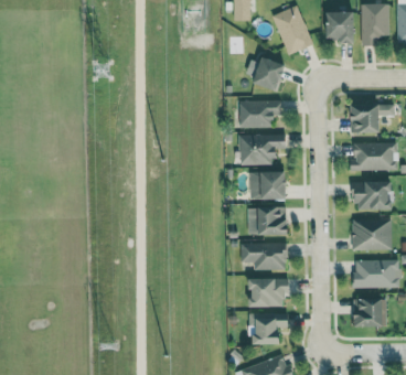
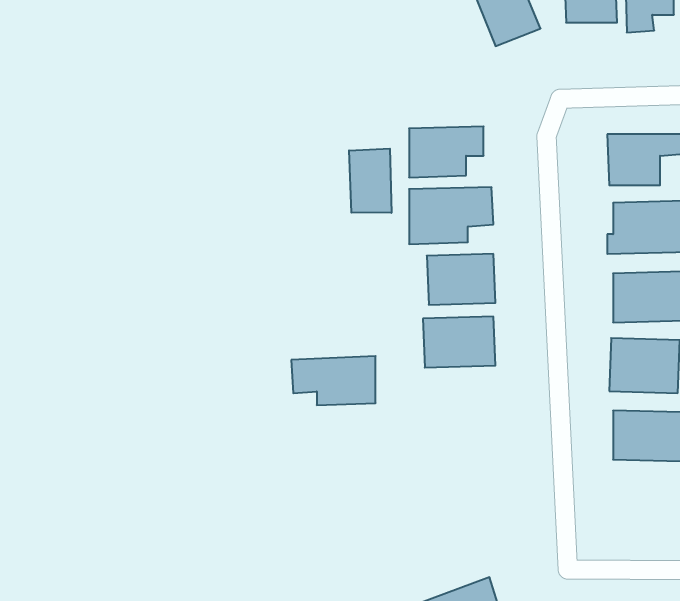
building: [254,57,287,92] -> none
building: none -> [349,149,391,213]
building: [239,243,287,270] -> [291,356,376,405]
building: [248,279,290,308] -> none
building: [354,299,387,328] -> none
building: [248,313,288,345] -> none

